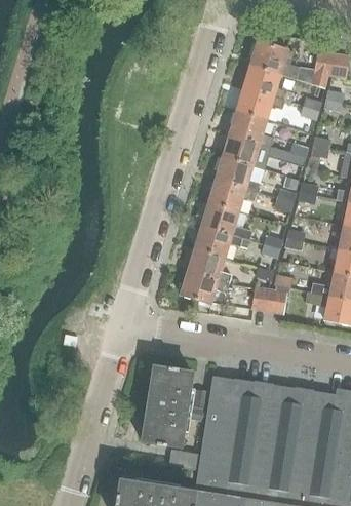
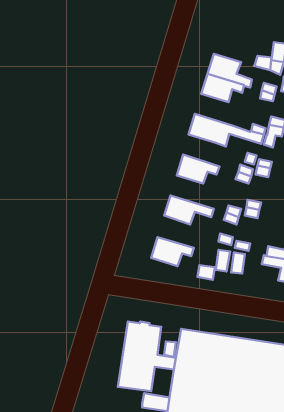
building: [249,41,294,77] -> none
building: [228,110,273,146] -> none
building: [214,156,263,192] -> none
building: [200,202,251,240] -> none
building: [186,247,230,284] -> none

